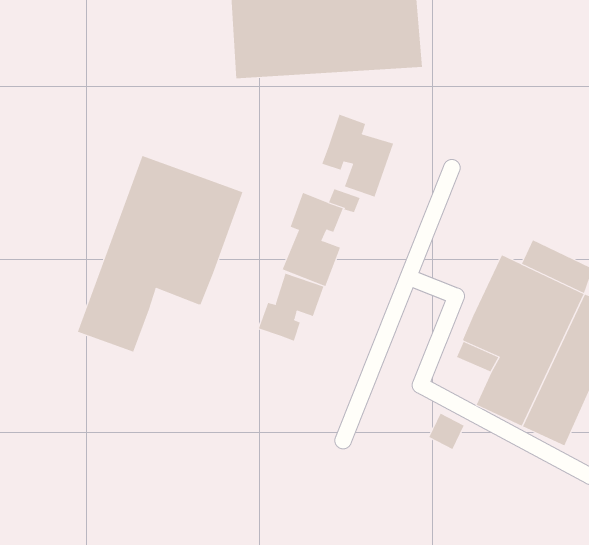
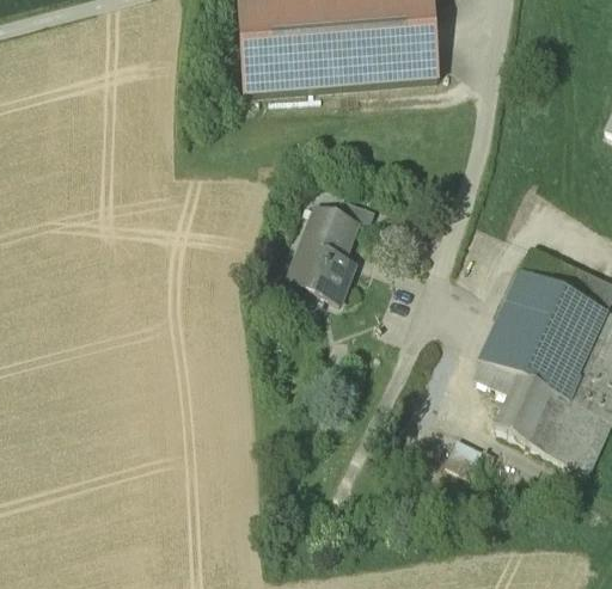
building: [321,114,394,197] -> none
building: [77,155,243,353] -> none
building: [258,273,324,342] -> none

